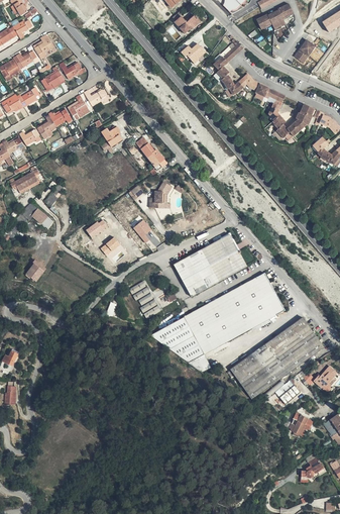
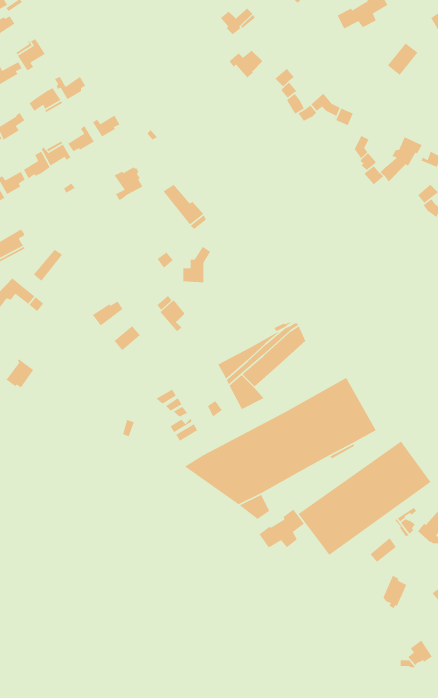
building: [200,247,246,288] -> none
building: none -> [259,509,305,549]

